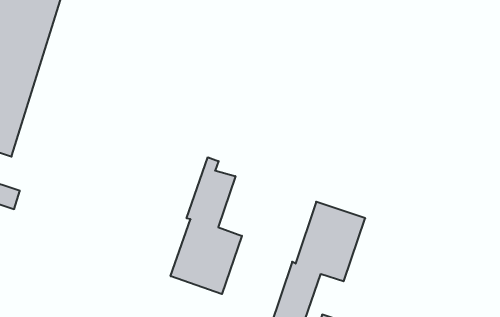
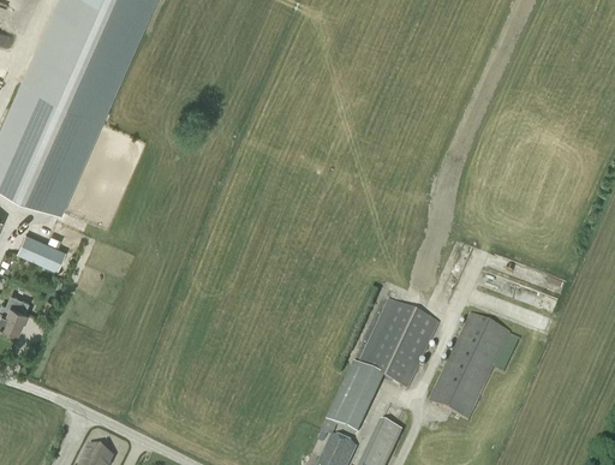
building: [171,157,242,294] -> none
building: none -> [428,316,519,421]

